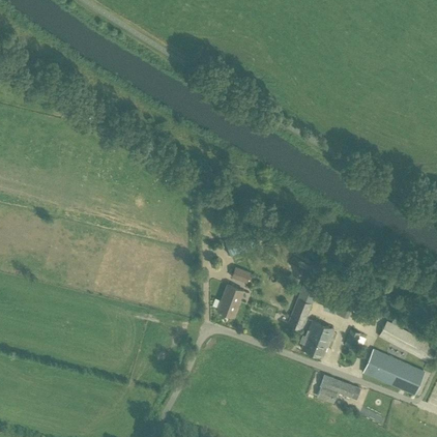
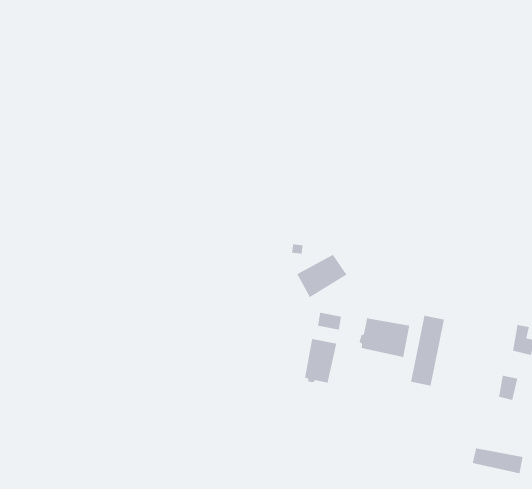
building: none -> [358,318,410,358]
building: [300,321,333,357] -> none

